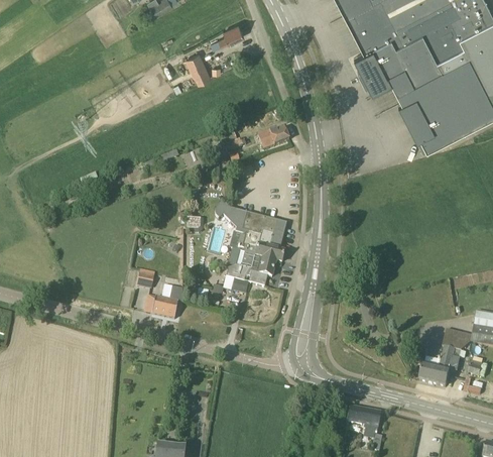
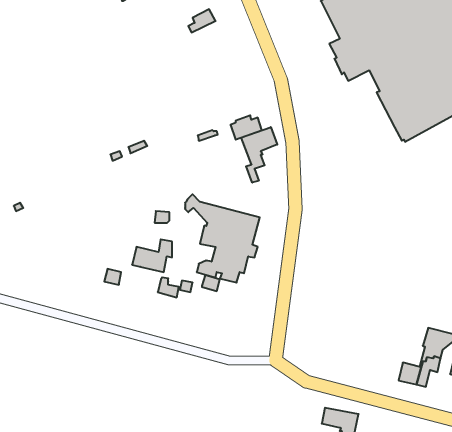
building: [184,51,210,86] -> none
building: none -> [241,127,277,183]
building: [144,285,182,317] -> [132,239,172,272]

